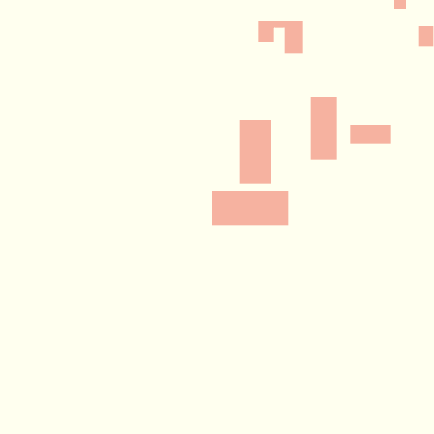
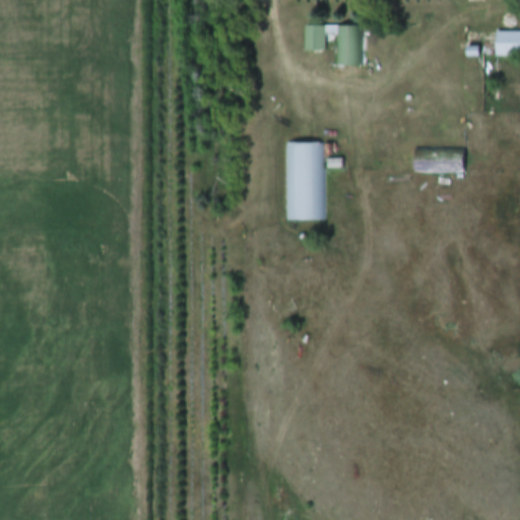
building: [310,96,337,161] -> none
building: [212,190,289,226] -> none

